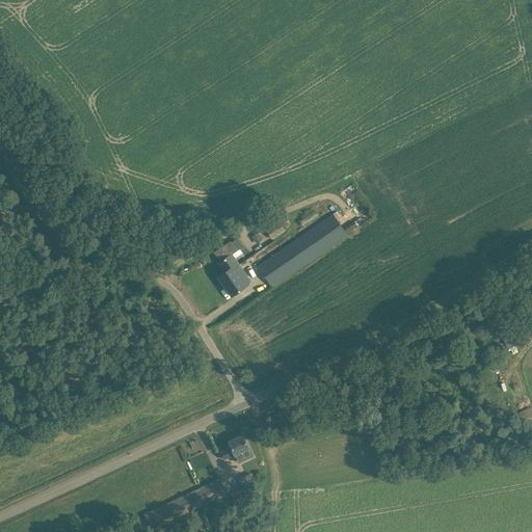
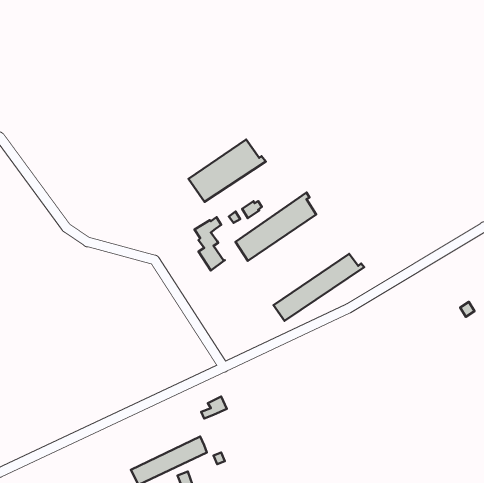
building: none -> [188,140,266,202]
building: none -> [273,254,364,321]

